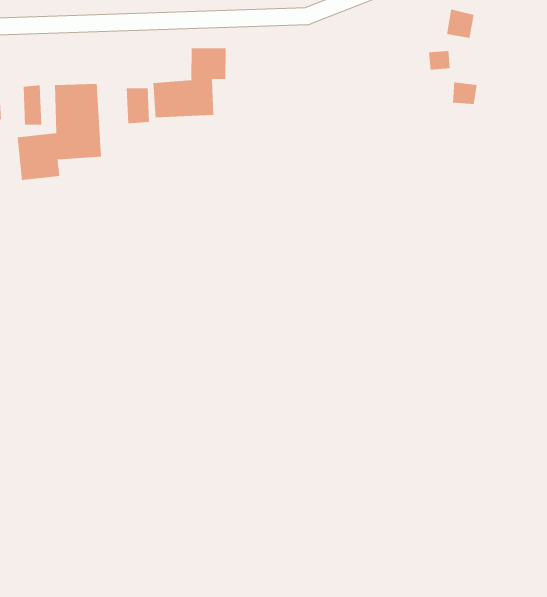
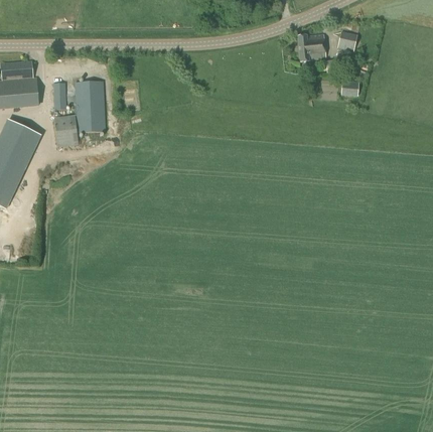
building: none -> [299,34,326,60]
building: [153,47,226,118] -> none

